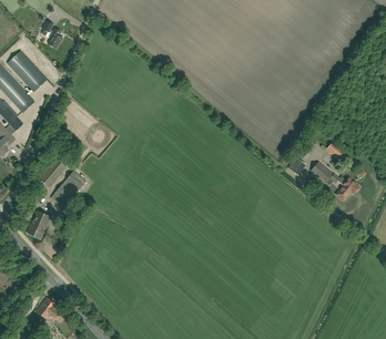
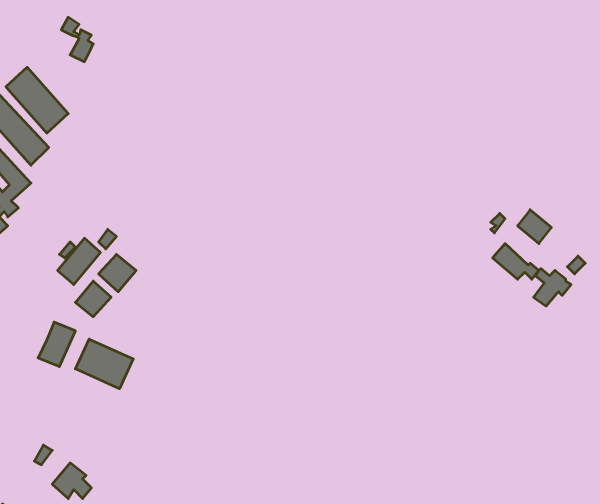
building: none -> [75,339,133,389]

